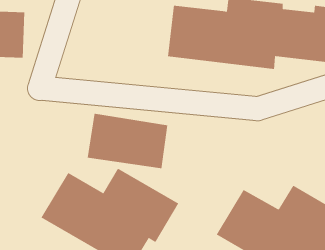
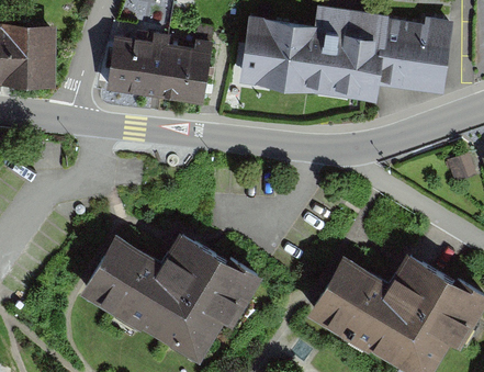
building: [87,113,168,169] -> [108,33,212,104]

